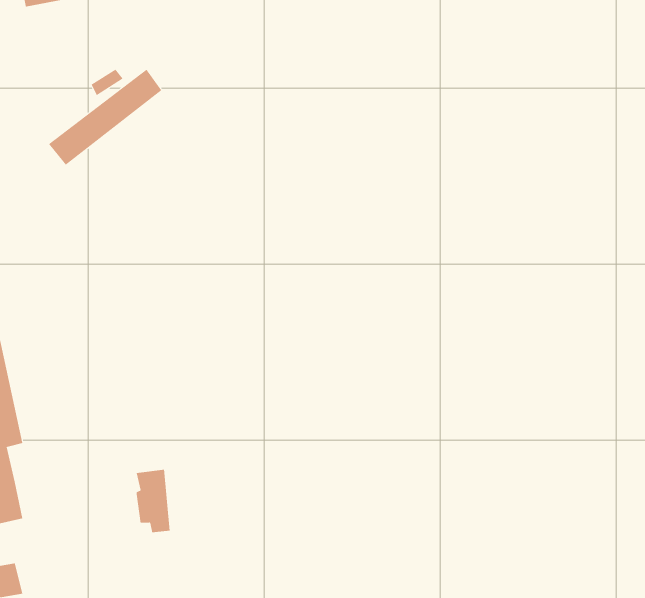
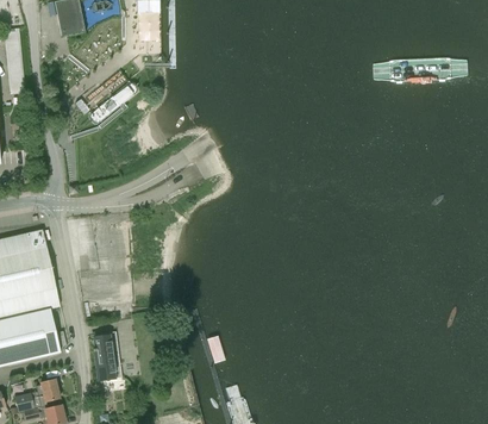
building: [136,469,171,533] -> [92,335,113,374]

